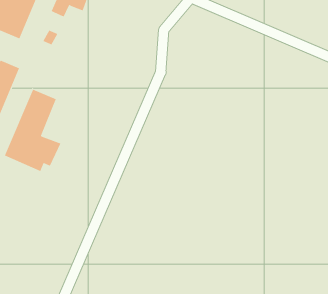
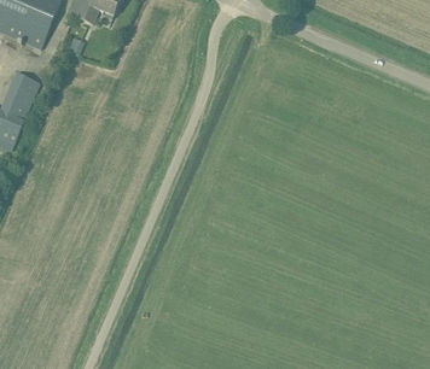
building: [4,89,61,172] -> none

